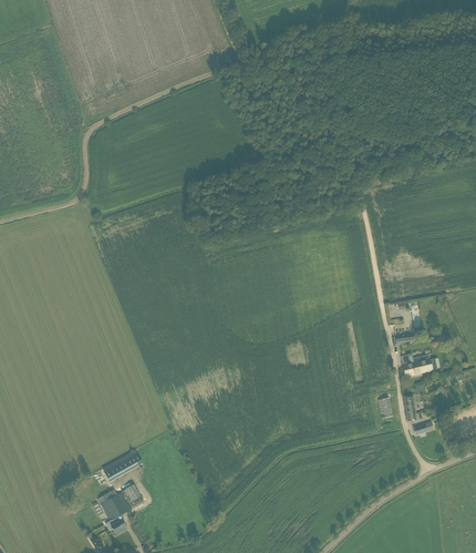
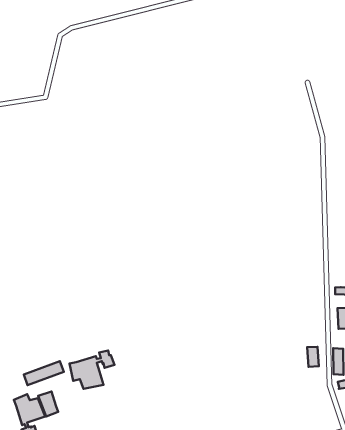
building: none -> [69,350,114,389]

